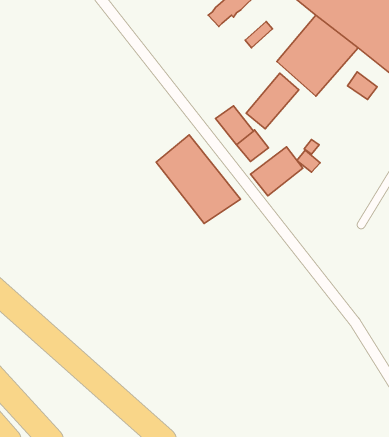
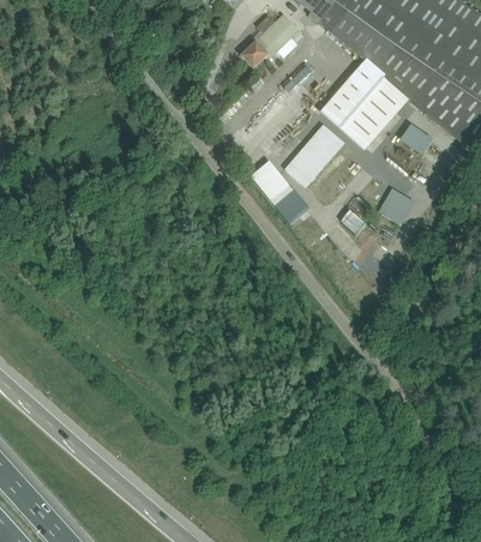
building: none -> [377,186,415,223]
building: [156,135,241,223] -> none
building: [251,147,303,196] -> none

